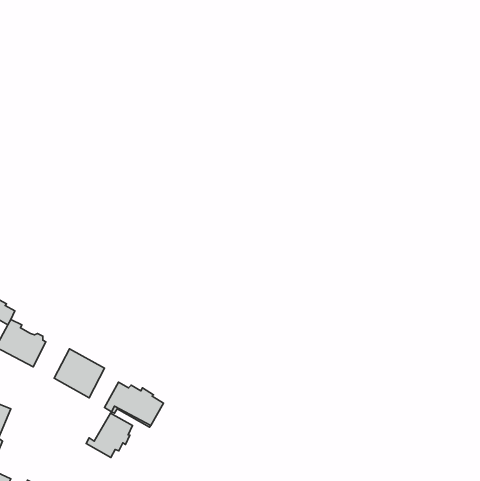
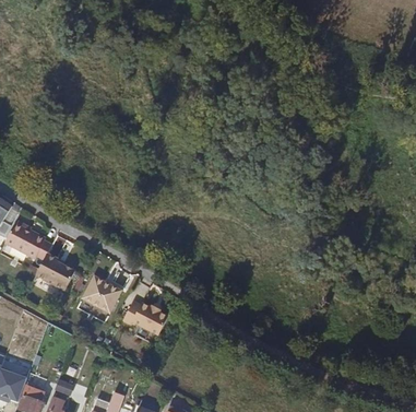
building: [86,413,133,457] -> none

